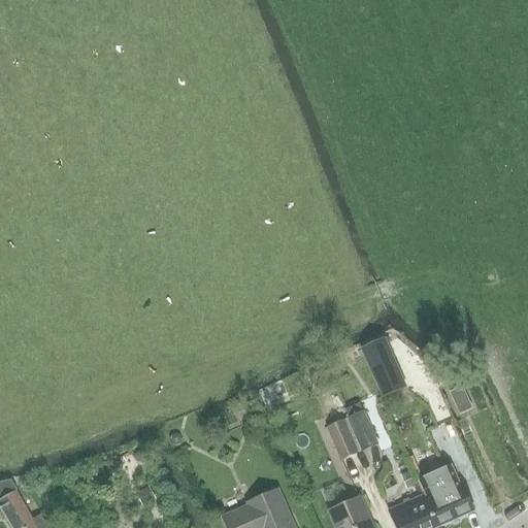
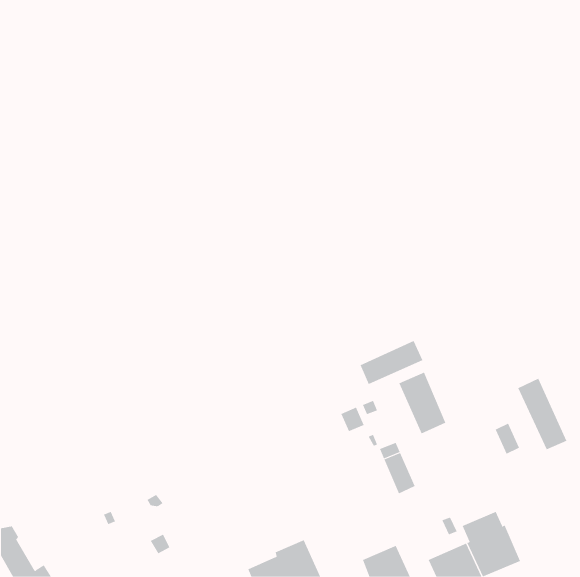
building: none -> [360,340,423,385]
building: none -> [517,378,567,450]
building: [328,420,357,459] -> none

